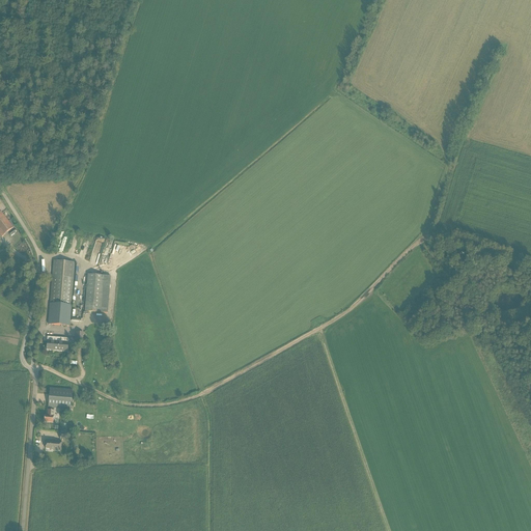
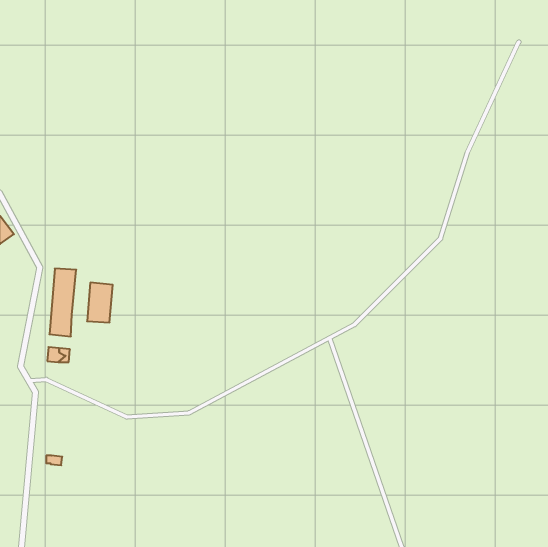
building: [43,387,71,421] -> none

